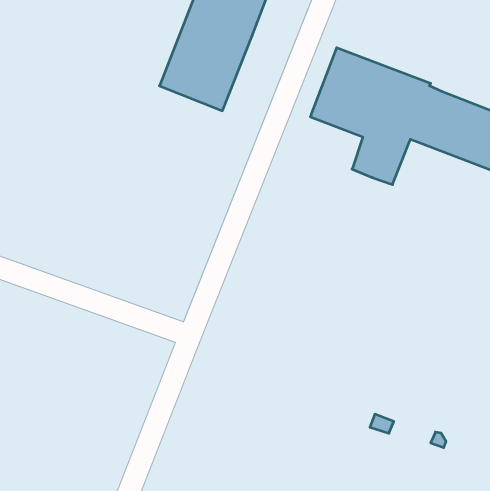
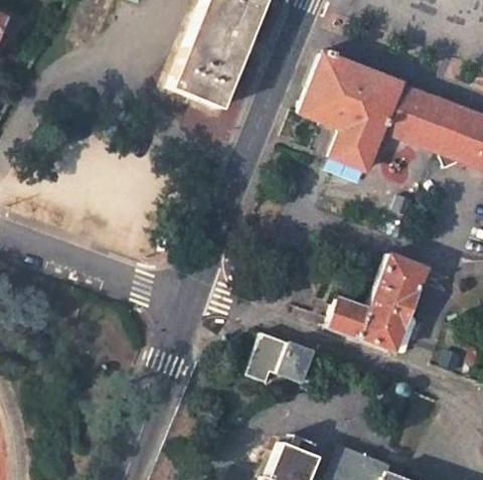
building: none -> [329,255,425,352]
building: none -> [245,332,309,382]

